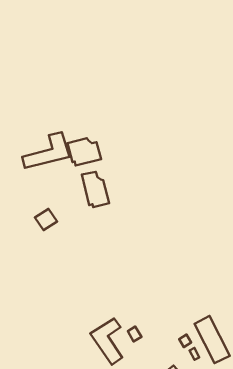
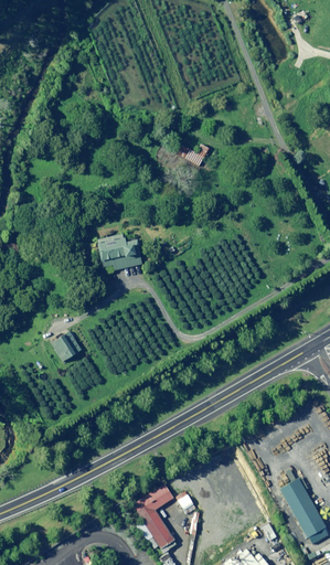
building: [22,132,69,168] -> none
building: [82,172,109,207] -> none

